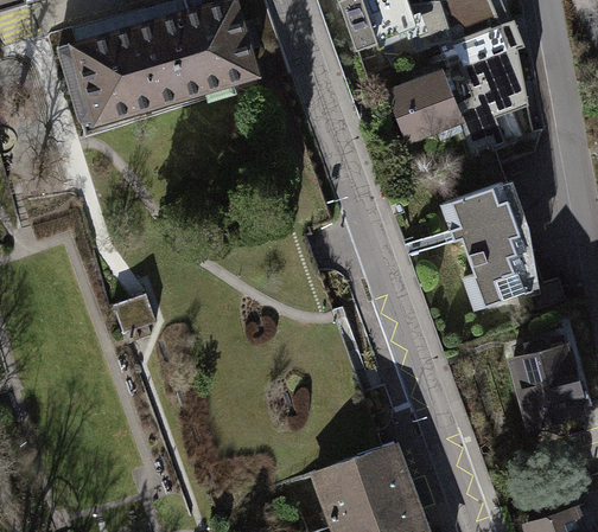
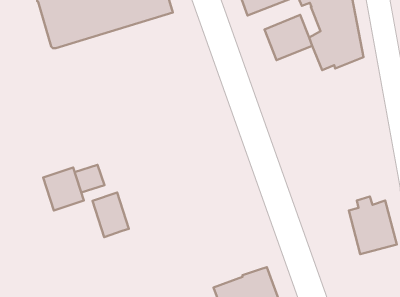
building: [440,182,530,309] -> none
building: none -> [43,168,84,211]
building: none -> [92,192,129,237]

